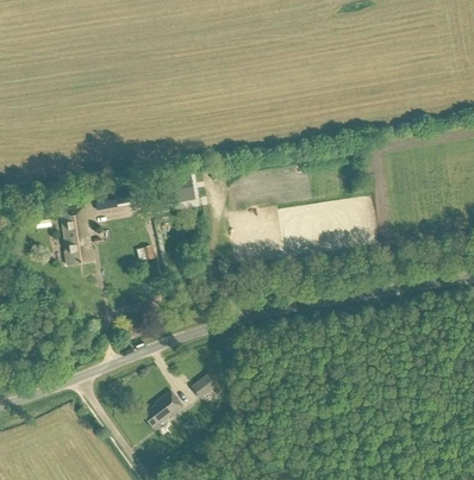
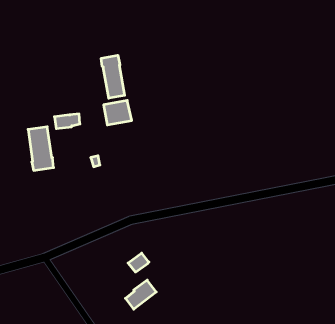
building: none -> [101,55,125,98]
building: [143,391,183,429] -> [125,280,156,309]

